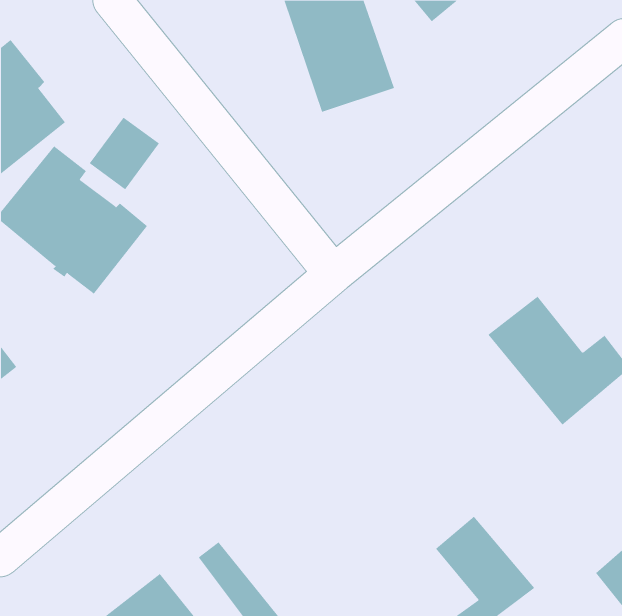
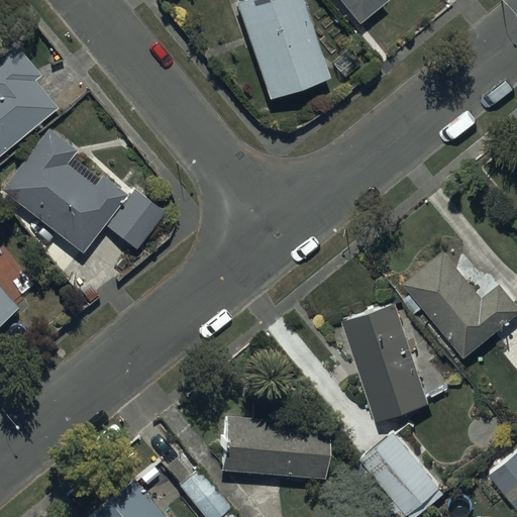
building: [89,117,160,190] -> [106,189,165,249]
building: none -> [344,303,430,421]
building: none -> [220,418,328,481]

